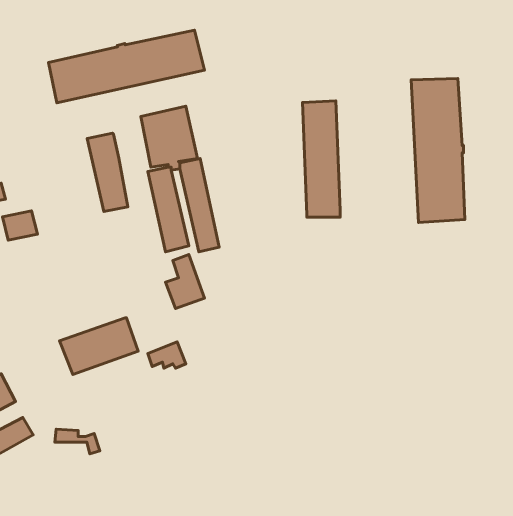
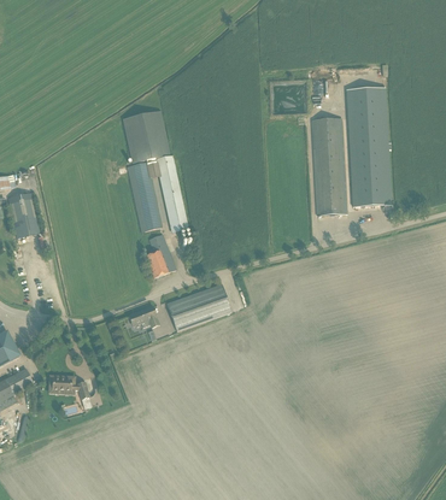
building: [48,30,204,103] -> none
building: [302,101,340,217] -> [313,117,345,213]
building: [87,133,128,211] -> none
building: [60,318,138,374] -> [165,283,230,330]

